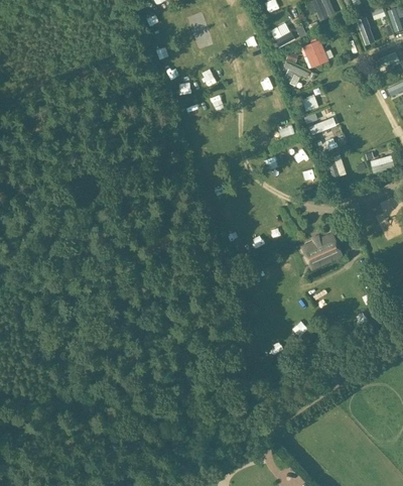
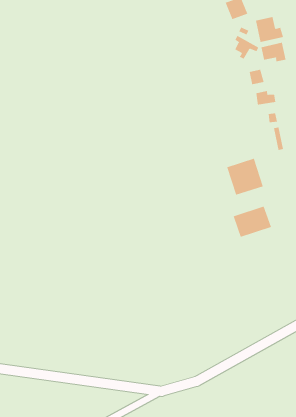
building: none -> [261,42,286,62]
building: none -> [226,158,263,195]

